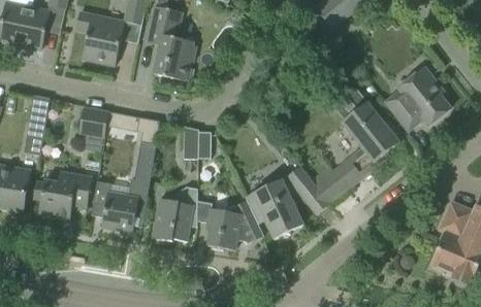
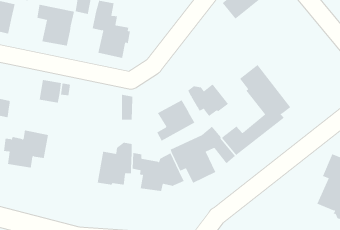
building: [385,67,451,131] -> none
building: none -> [188,84,229,117]
building: none -> [157,99,195,142]
building: [91,141,156,234] -> none

